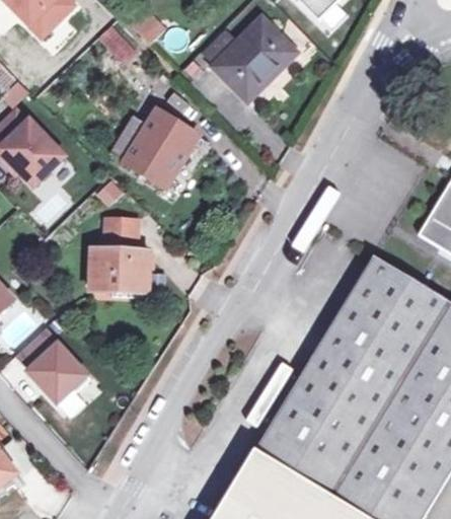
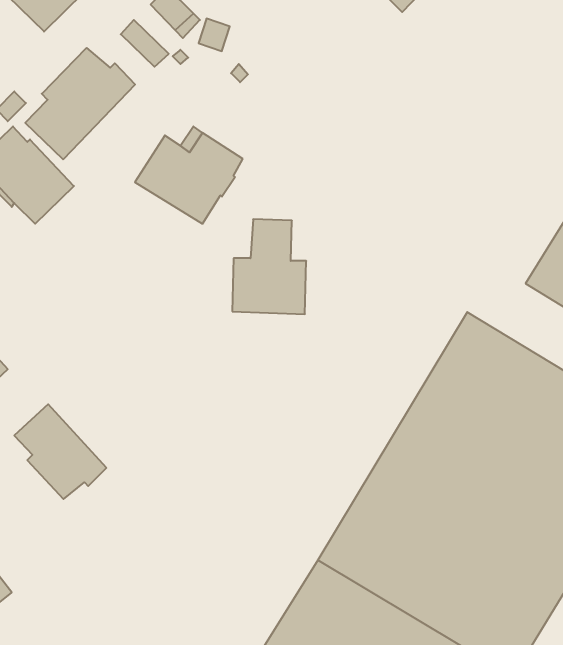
building: [205,19,298,95] -> none
building: none -> [25,48,135,159]
building: [92,220,150,294] -> [232,219,306,314]

